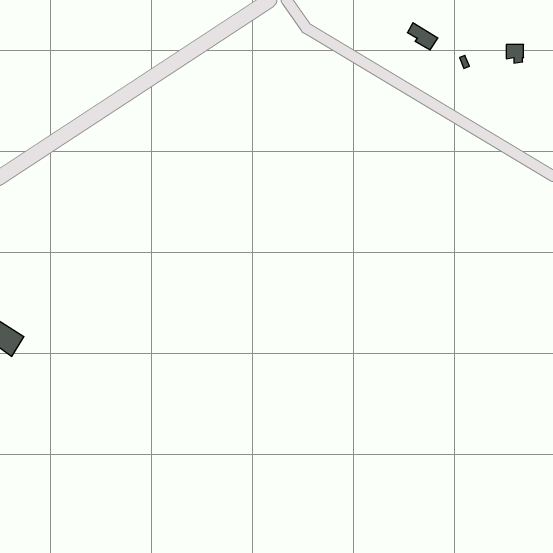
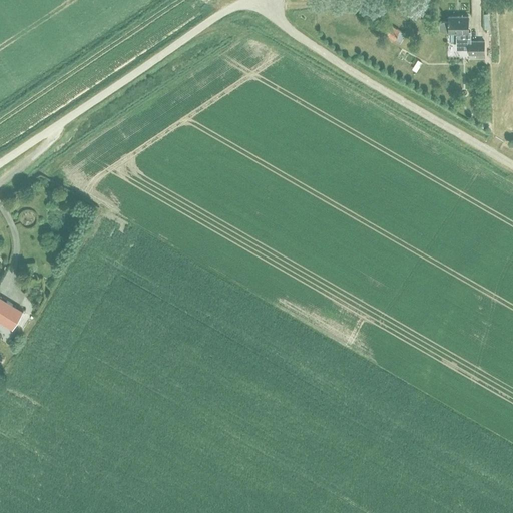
building: none -> [437,17,467,34]

